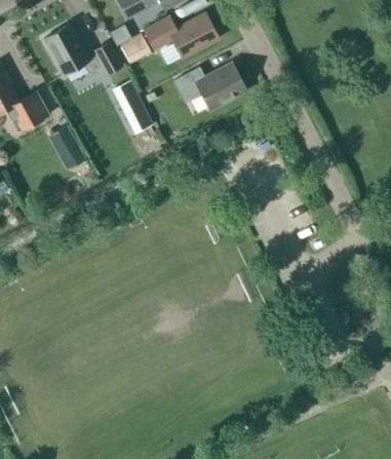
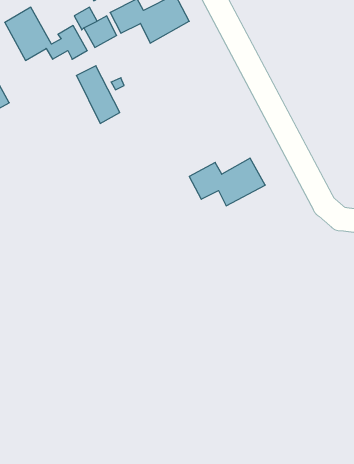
building: [174,64,246,109] -> [189,158,265,206]
building: [47,125,83,165] -> none

